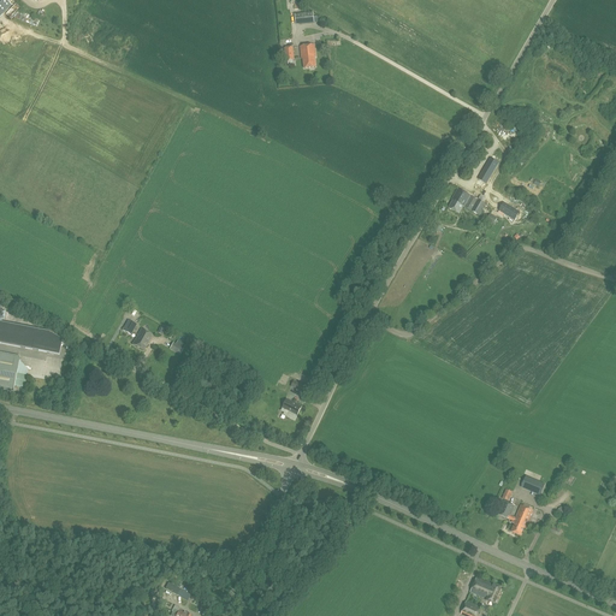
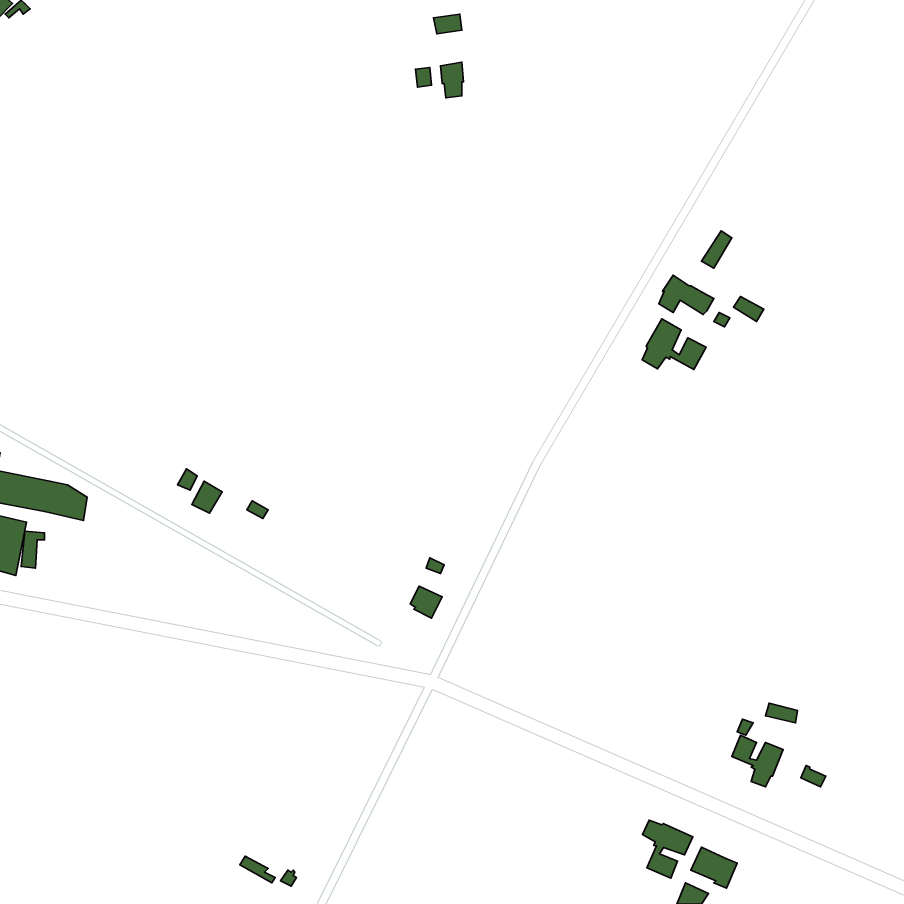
building: none -> [642,319,706,369]
building: none -> [642,820,693,878]

